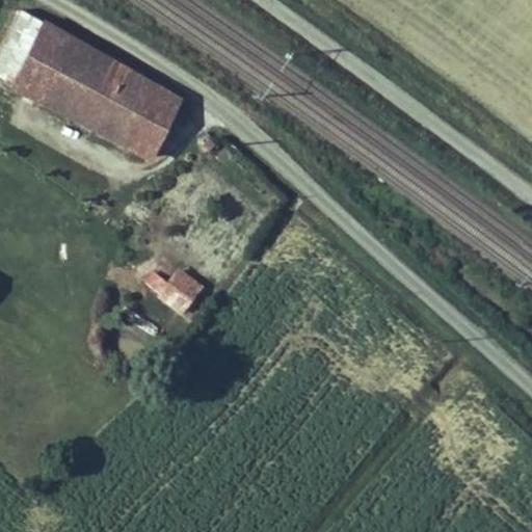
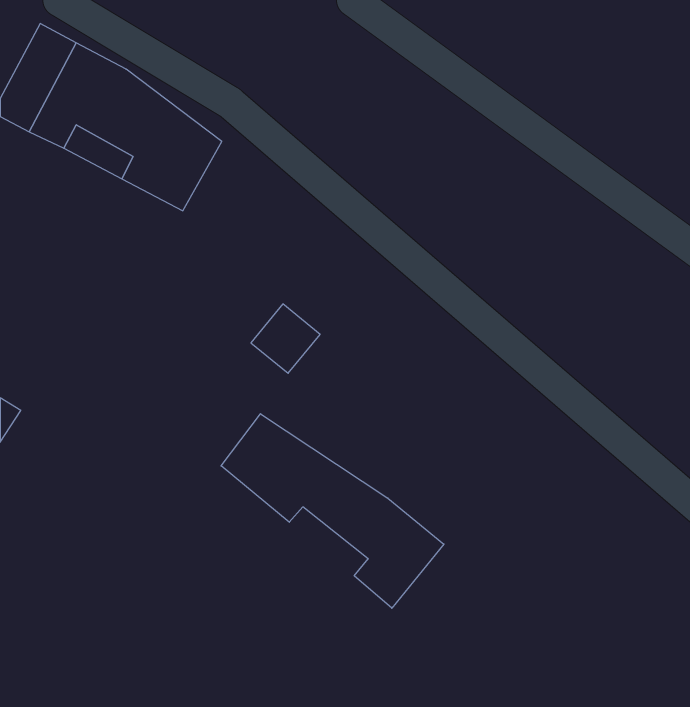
building: [155,268,207,320] -> [251,304,320,373]
building: none -> [221,414,444,608]

